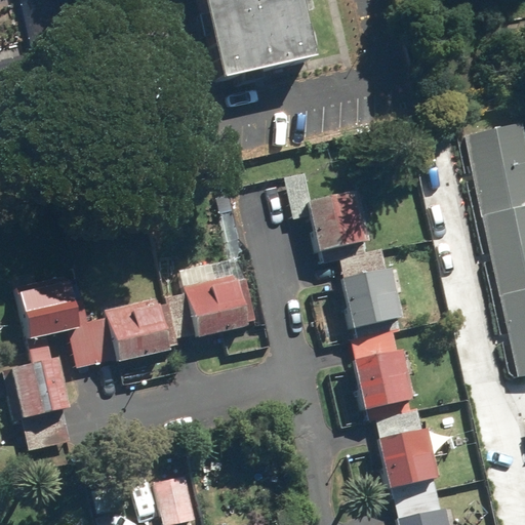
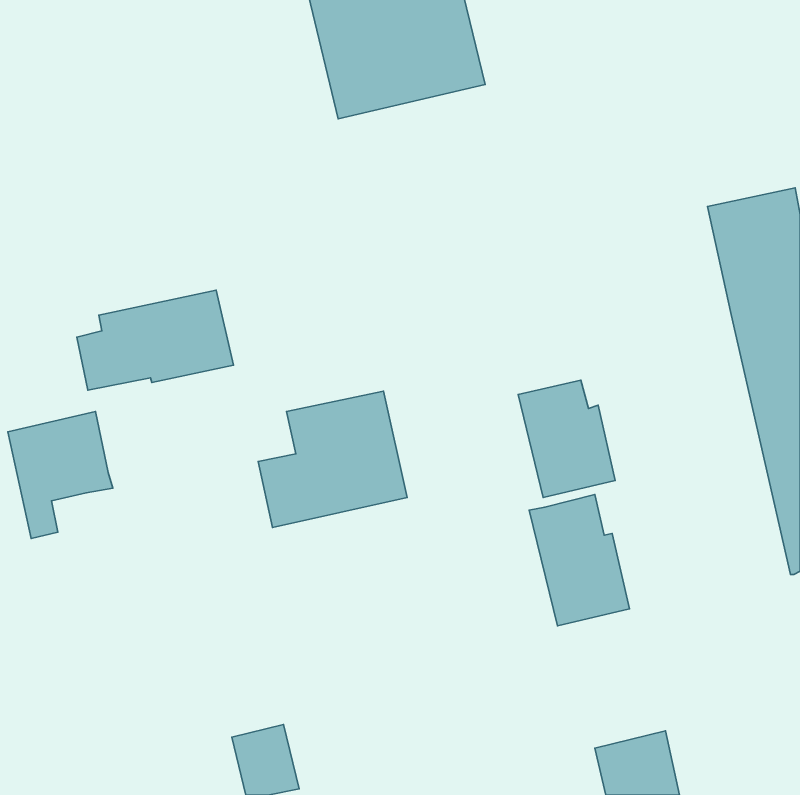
building: [307,189,369,253] -> none
building: [68,301,170,367] -> [77,290,233,390]
building: [8,364,74,451] -> none
building: [371,401,436,490] -> none

